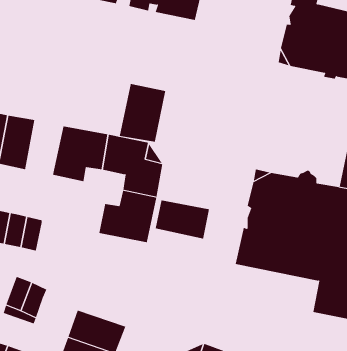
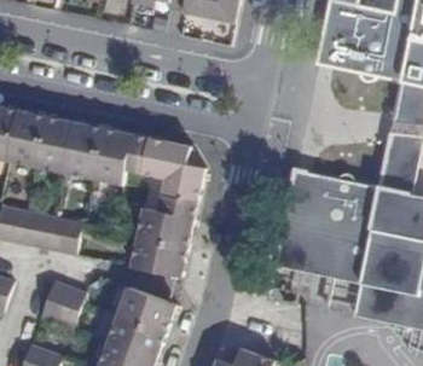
building: [119,83,166,143] -> none
building: none -> [63,122,100,178]
building: [155,200,210,239] -> [131,237,186,277]
building: none -> [115,286,174,331]

